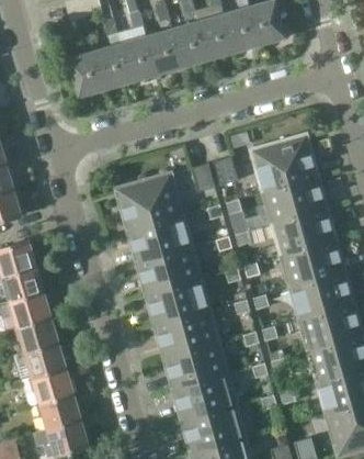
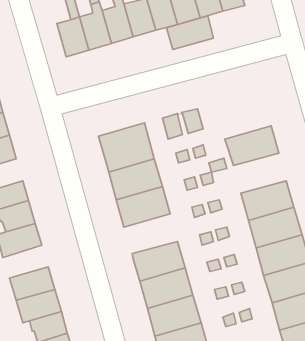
building: none -> [166,16,214,50]
building: [252,135,317,192] -> none
building: [273,209,334,255] -> none
building: [146,279,208,325] -> none
building: [13,315,58,350] -> none

